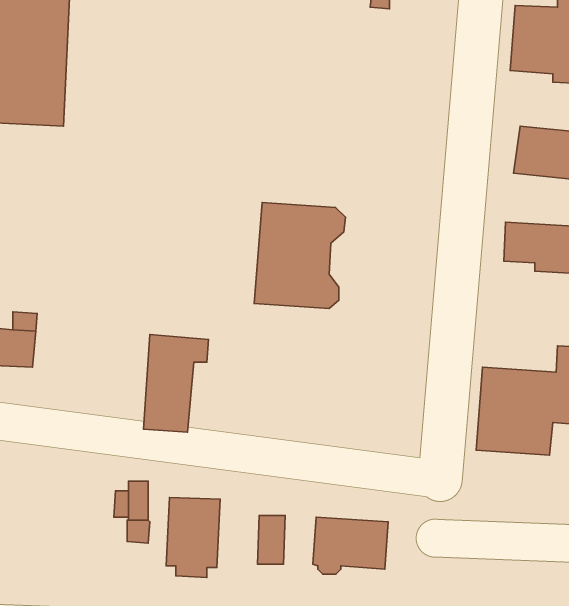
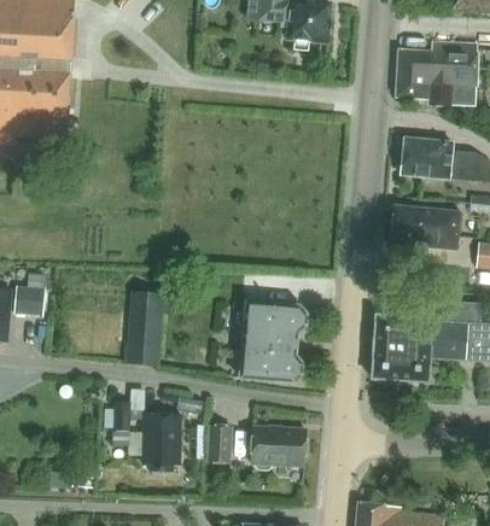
building: [254,203,345,308] -> [239,303,307,381]

